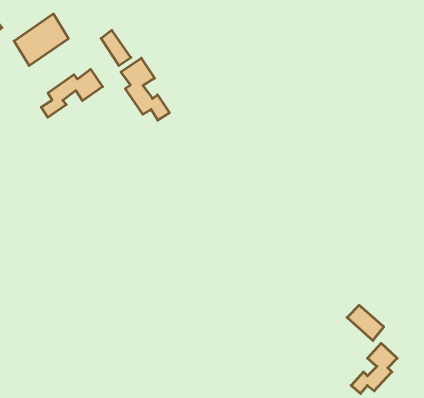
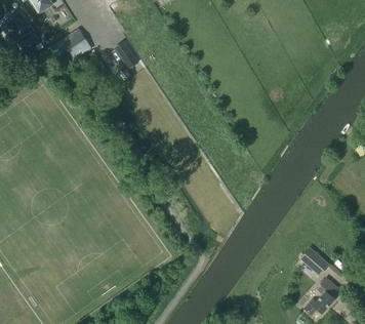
building: [121,58,169,120] -> none
building: [41,69,103,117] -> none

